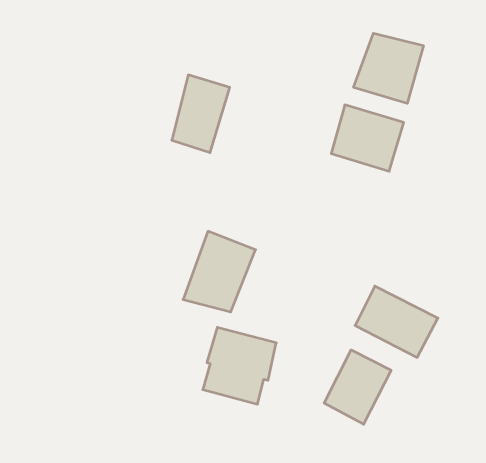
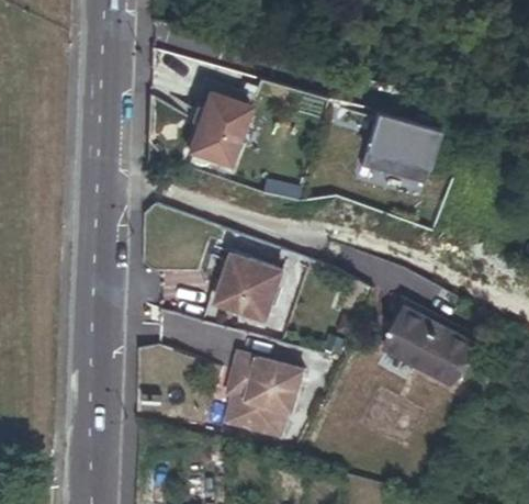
building: [354,33,423,103] -> none
building: [324,350,391,424] -> none

